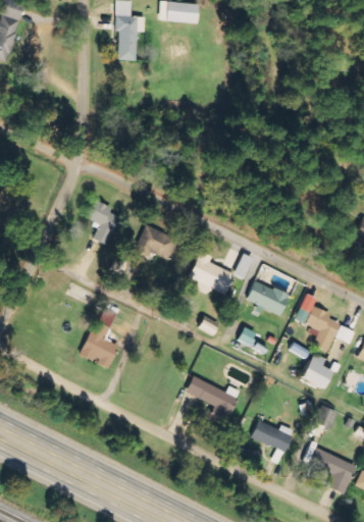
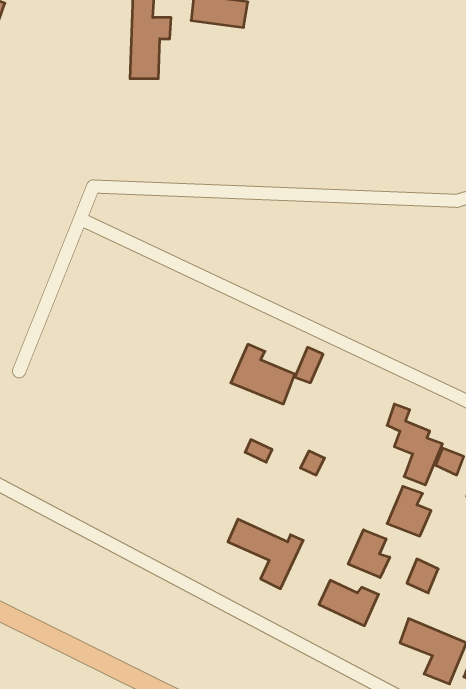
building: [85,199,120,246] -> none
building: [135,224,177,260] -> none
building: [246,280,289,315] -> none
building: [82,307,118,369] -> none
building: none -> [348,530,390,578]

